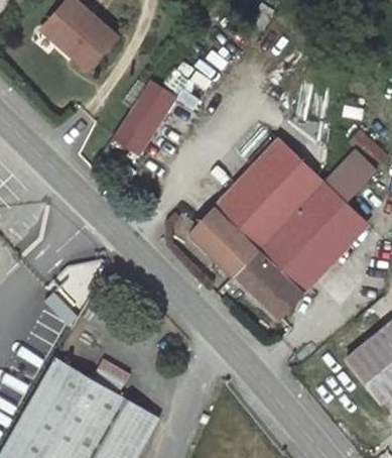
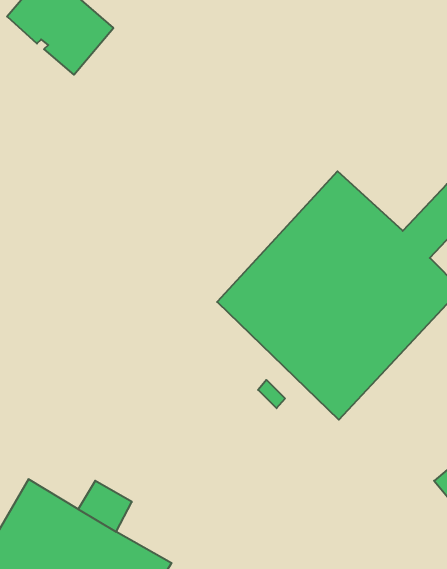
building: [115,80,177,154] -> none

